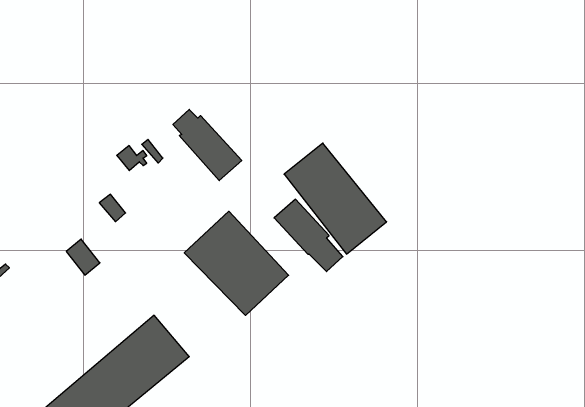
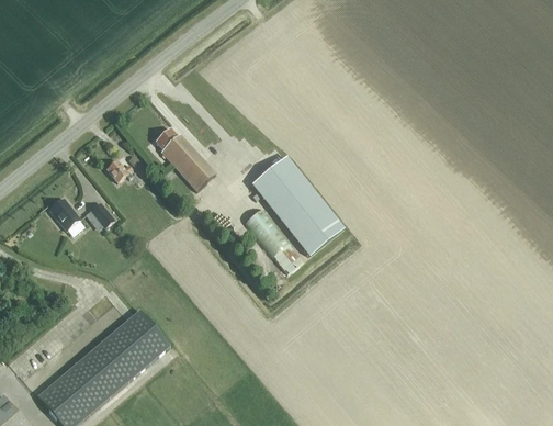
building: [184,211,289,315] -> none
building: [66,239,100,275] -> [50,199,80,231]

